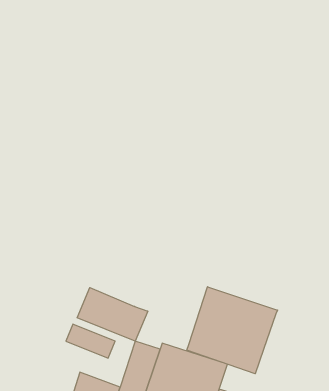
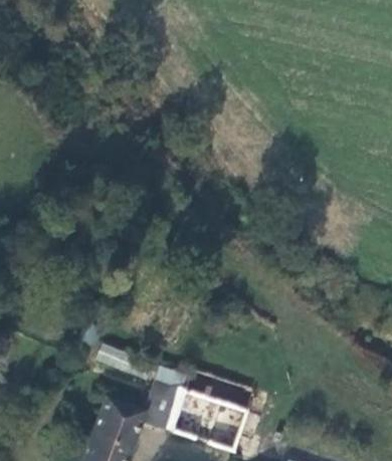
building: [187,287,278,374] -> none
building: [77,288,148,341] -> none

